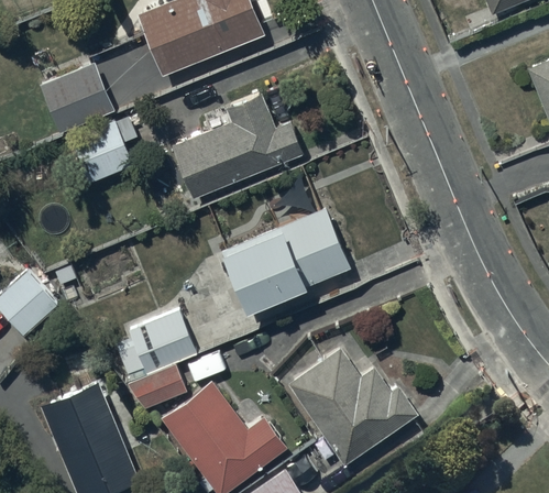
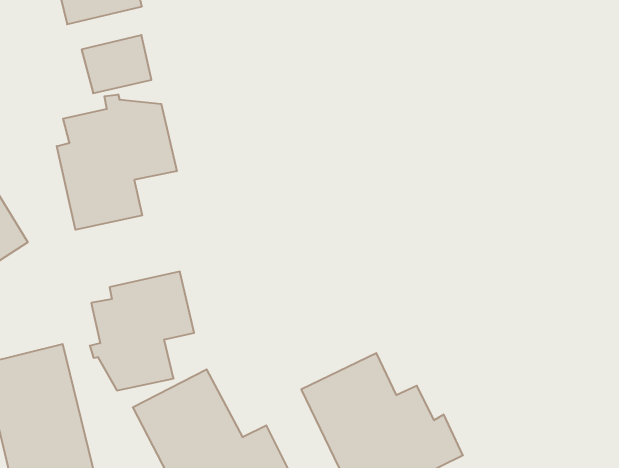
building: [171,92,303,198] -> none
building: none -> [57,94,177,230]
building: [222,207,351,308] -> none

